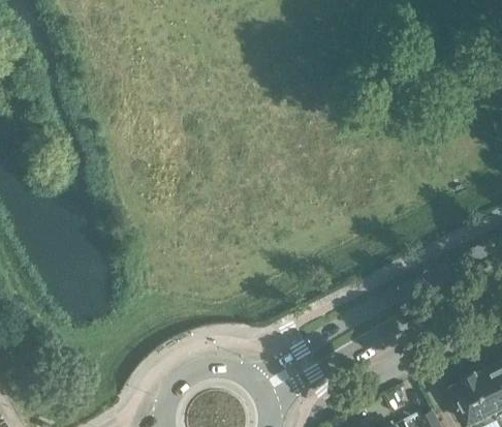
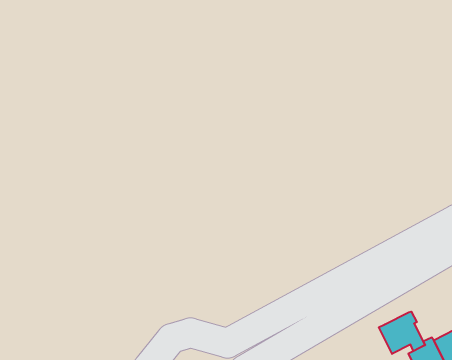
building: none -> [379,312,425,354]

